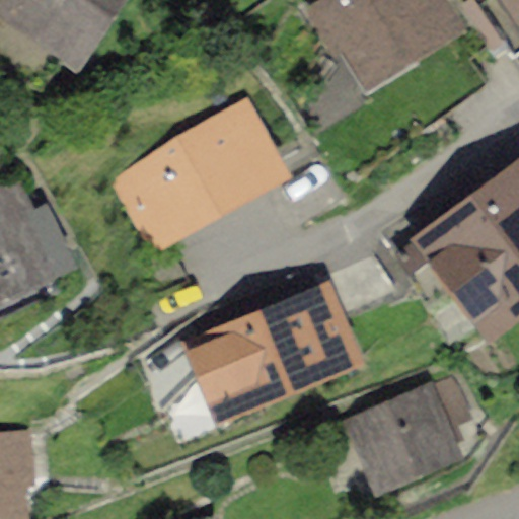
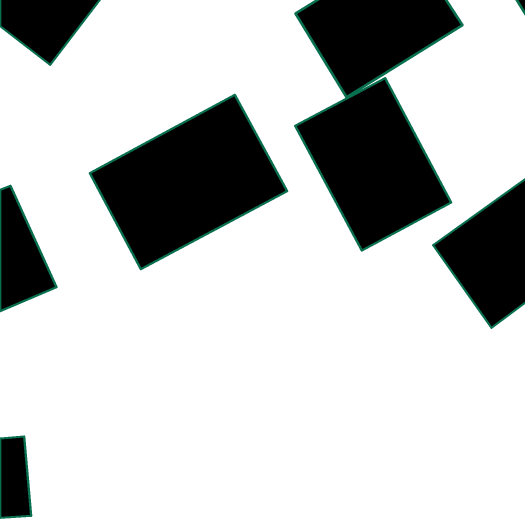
building: none -> [295,78,451,251]
building: [205,280,356,399] -> none
building: [351,377,468,476] -> none

